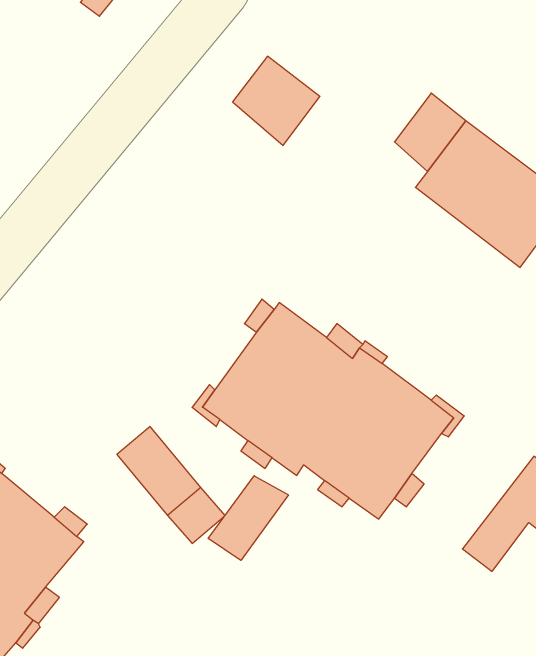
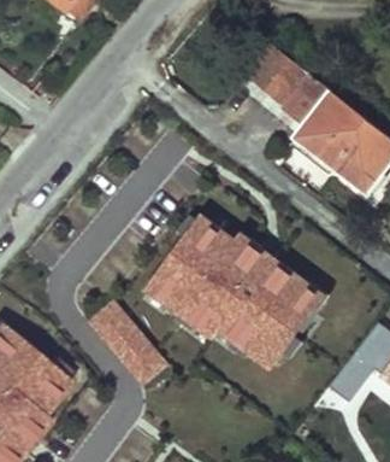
building: [233,56,320,145] -> [248,45,308,106]
building: [208,476,288,560] -> none

